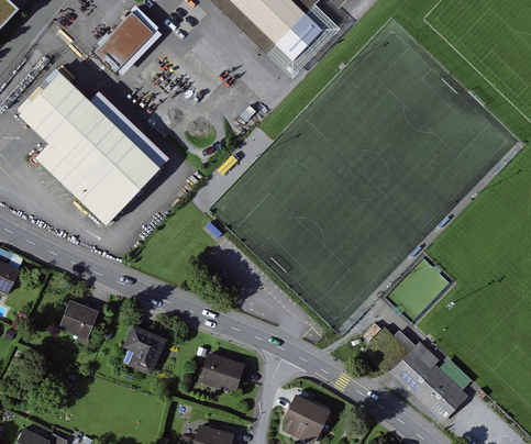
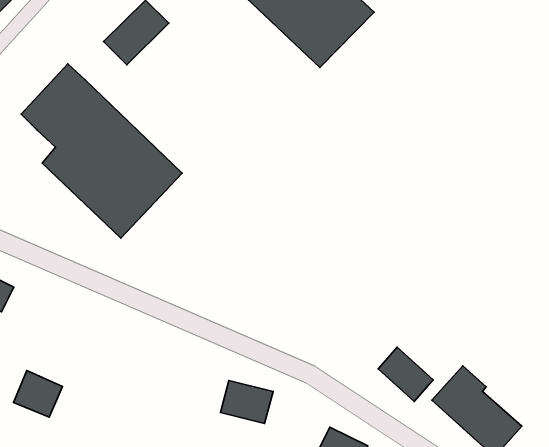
building: [56,297,100,338] -> [13,370,63,417]
building: none -> [378,347,433,401]
building: [122,324,165,374] -> none

